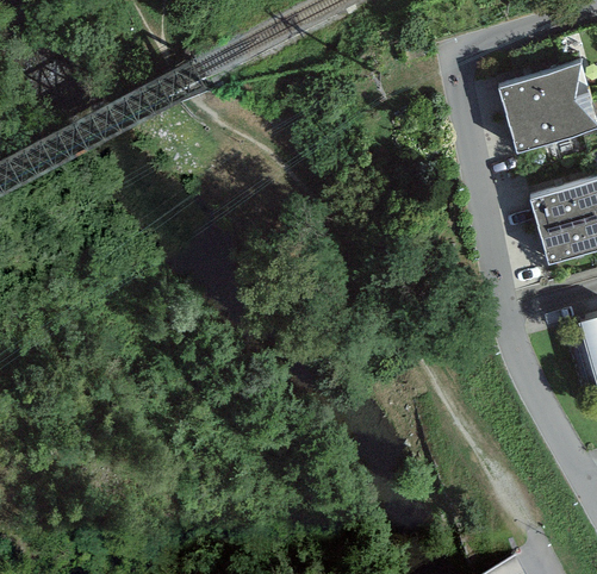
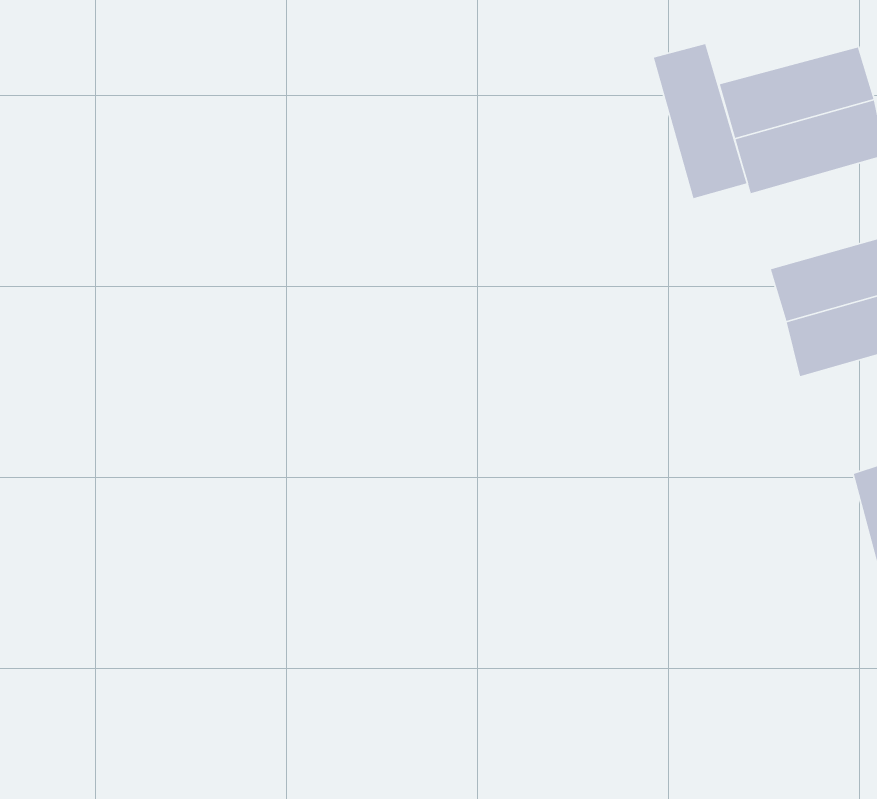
building: none -> [653,43,747,199]

